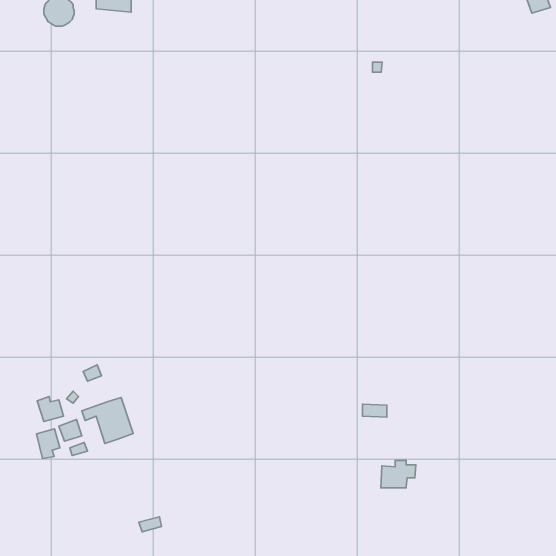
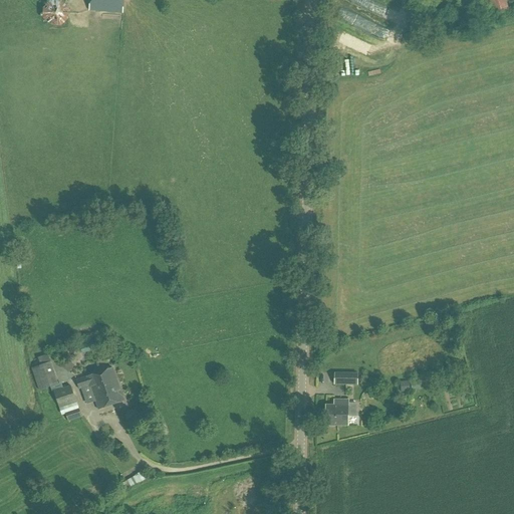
building: [36,429,60,458] -> none
building: [381,460,416,488] -> [323,399,355,424]

